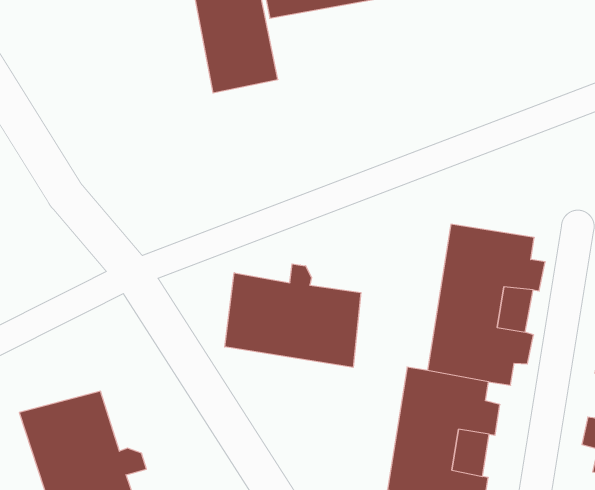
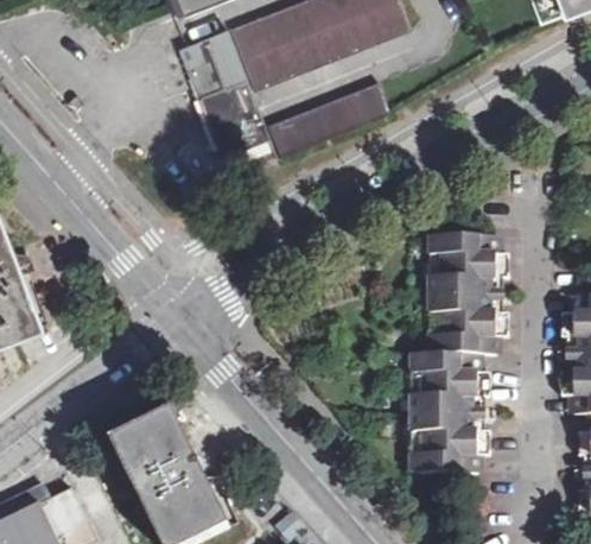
building: none -> [268,83,394,160]
building: [225,264,361,367] -> none

